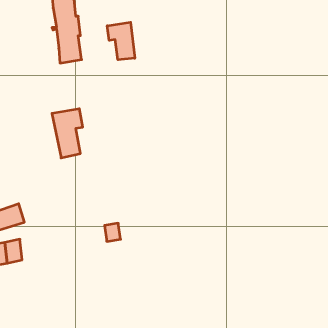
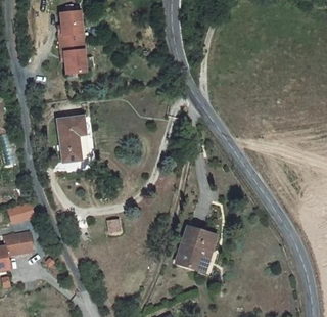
building: [107,22,135,60] -> none
building: none -> [173,225,215,268]

